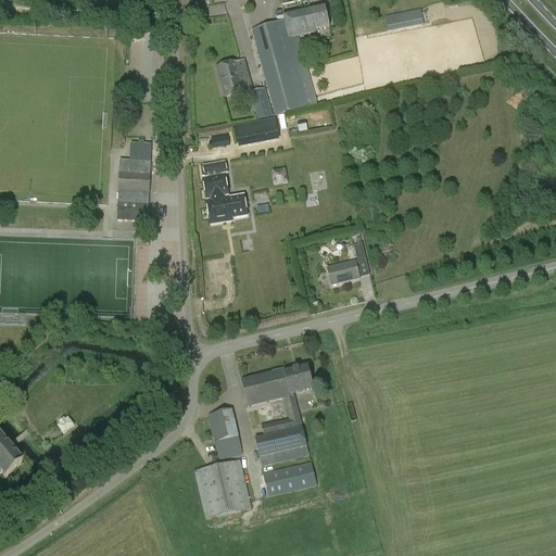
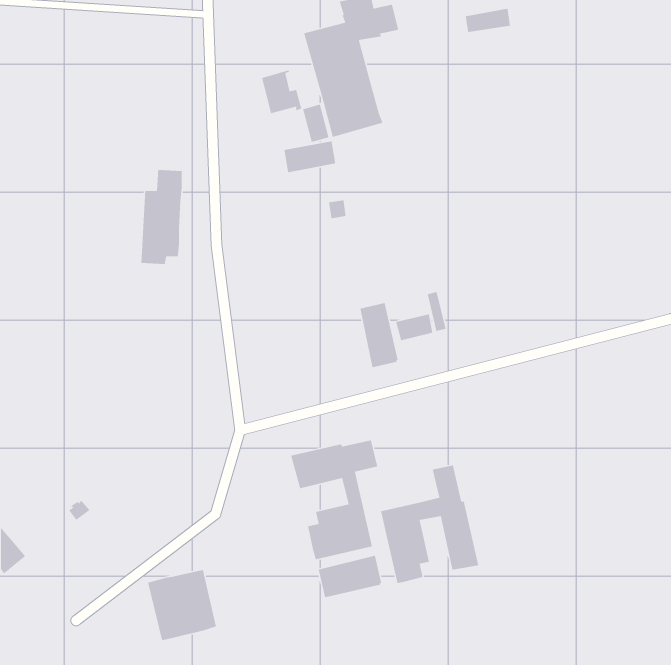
building: [202,159,247,222] -> none
building: none -> [359,302,399,368]
building: none -> [380,464,479,584]
building: [207,407,242,457] -> none
building: [193,458,251,518] -> [147,569,217,641]

